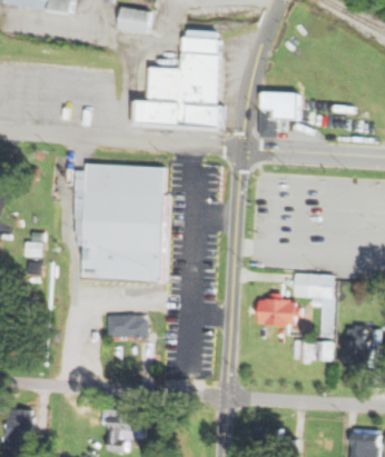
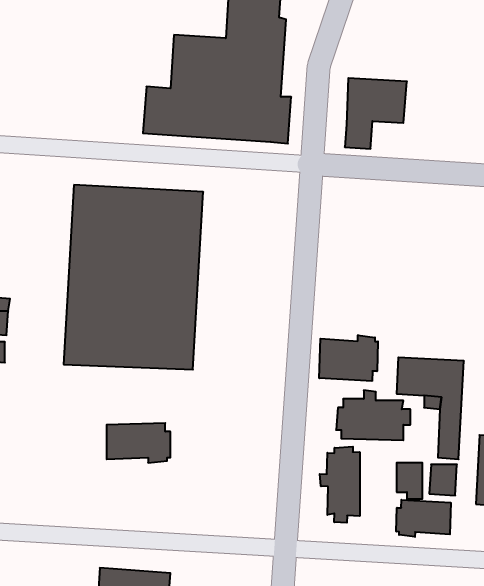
building: none -> [319,335,378,381]
building: none -> [320,447,360,523]
building: none -> [396,500,451,537]

